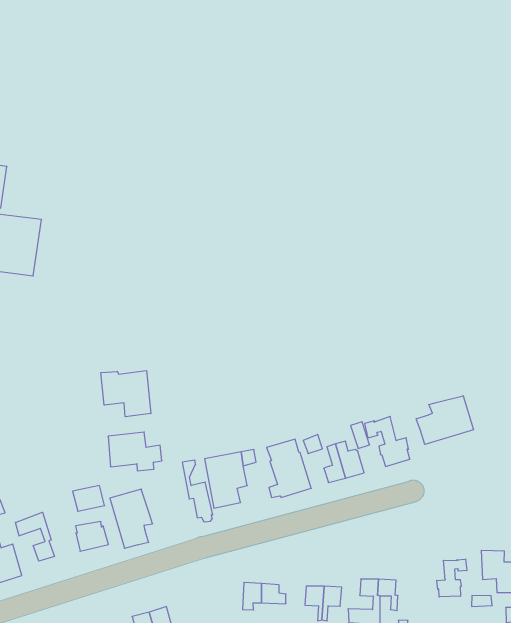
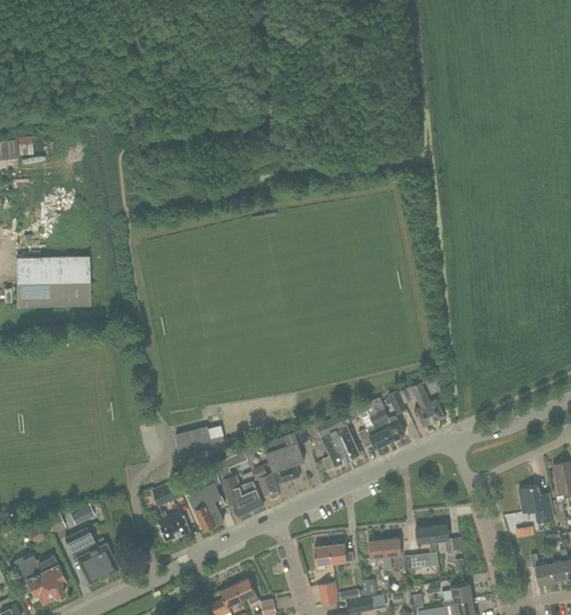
building: [101,371,151,417] -> none
building: [416,396,473,444] -> none
building: none -> [222,476,263,517]
building: [16,512,55,561] -> none
building: [437,559,467,597] -> none

